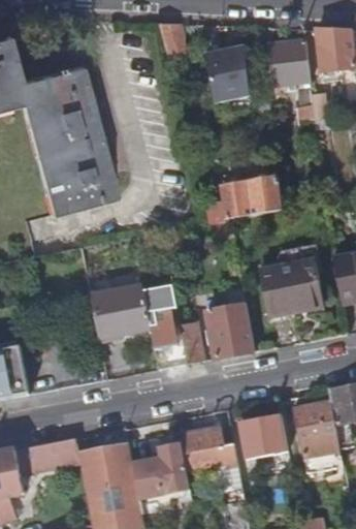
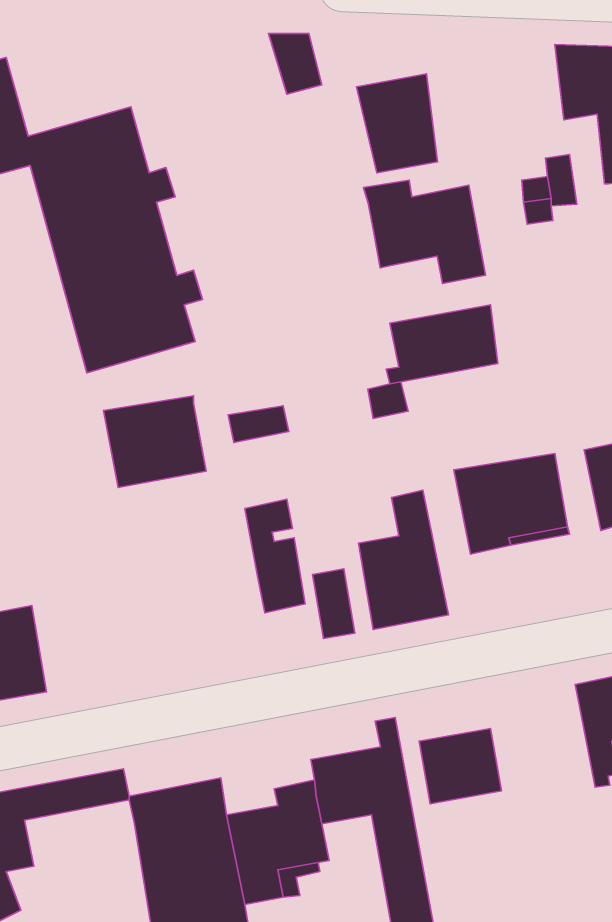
building: [269,39,311,85] -> none
building: none -> [364,180,485,284]
building: [92,286,150,338] -> [103,396,206,488]
building: [292,400,343,473] -> none

